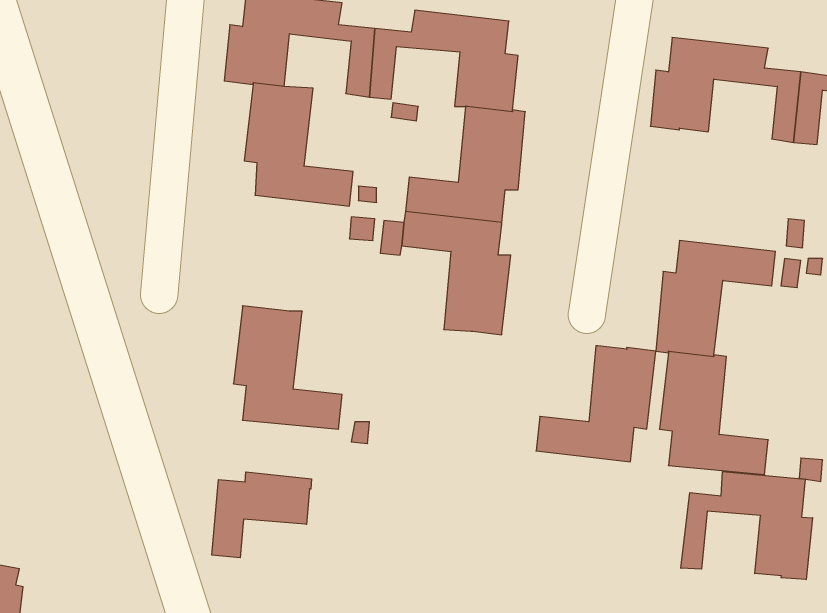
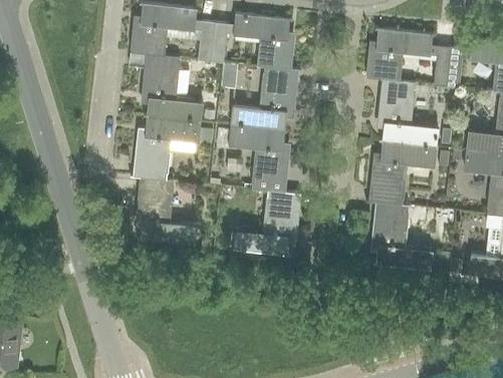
building: none -> [378,79,438,147]
building: none -> [134,116,200,180]
building: [536,346,656,462] -> [234,192,300,256]
building: [681,472,813,580] -> none
building: [212,472,311,558] -> none

